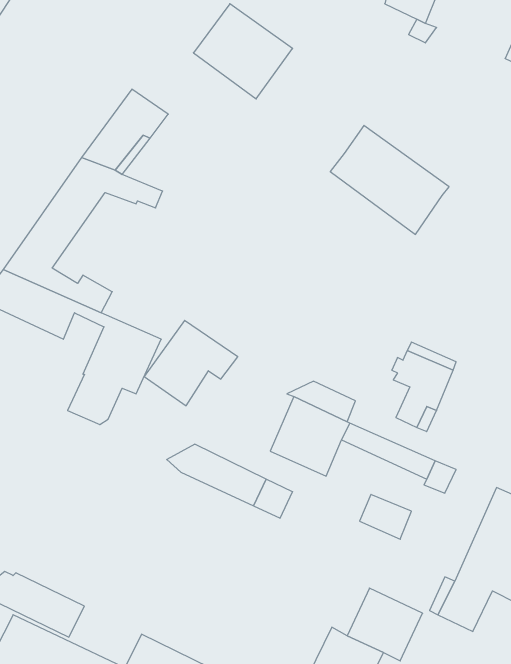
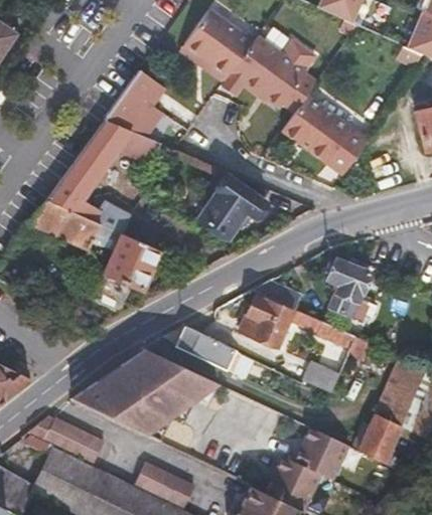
building: none -> [229,32,322,117]
building: [144,320,238,406] -> [198,176,266,237]
building: none -> [71,347,219,438]

